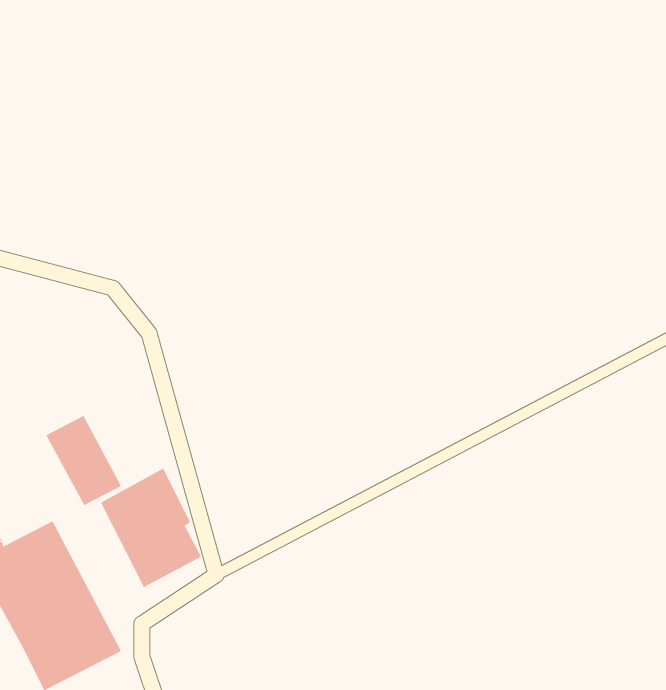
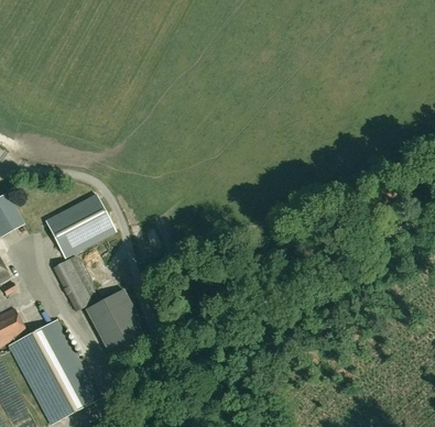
building: none -> [46,194,116,256]

